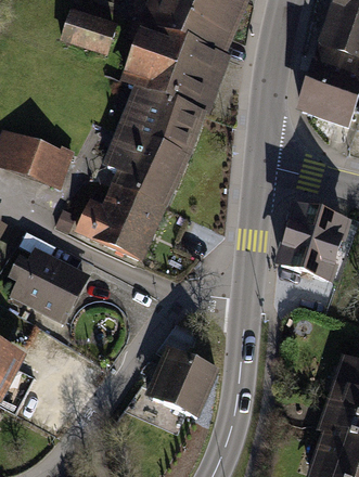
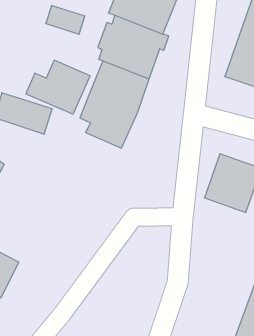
building: [77,182,163,254] -> [26,60,90,114]
building: [9,247,89,323] -> none
building: [145,348,221,420] -> none

